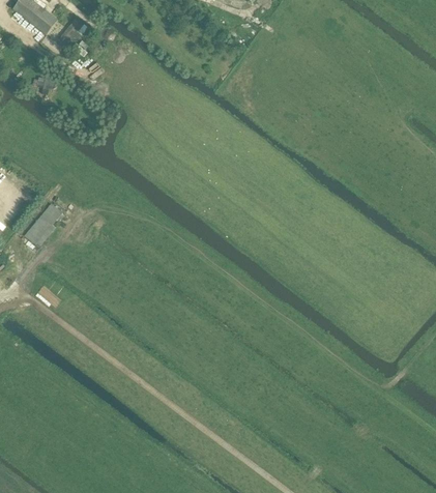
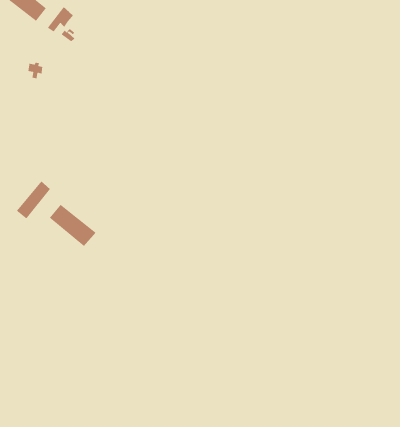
building: none -> [49,204,97,247]

